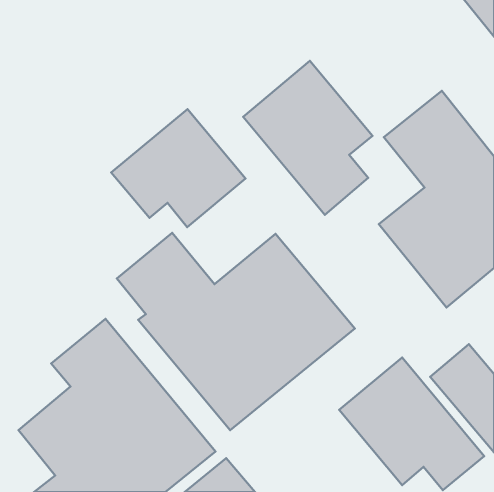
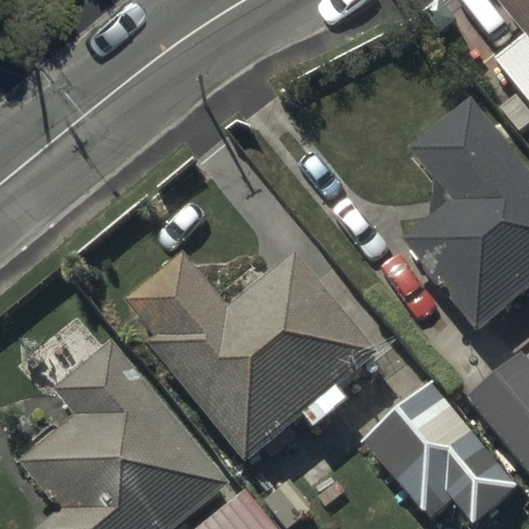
building: [243,61,372,215] -> none
building: [111,109,245,227] -> none

